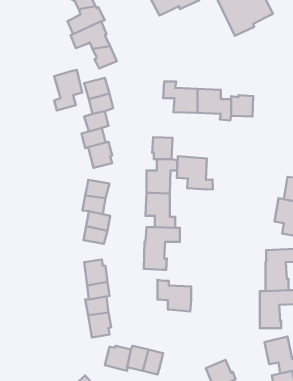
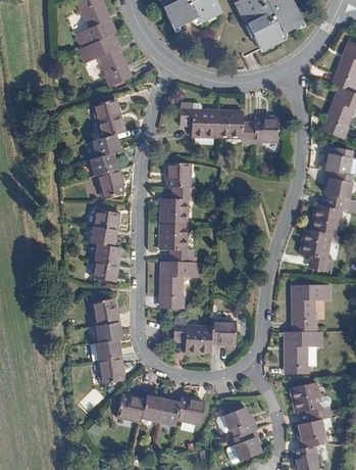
building: [54,70,82,110] -> none
building: [177,156,213,190] -> none
building: none -> [210,321,235,345]
building: none -> [175,395,204,422]

